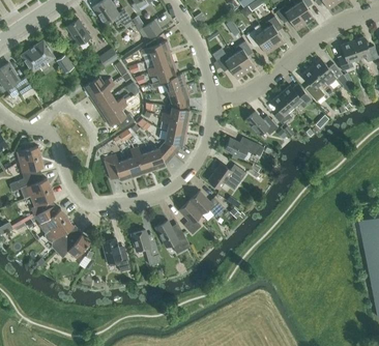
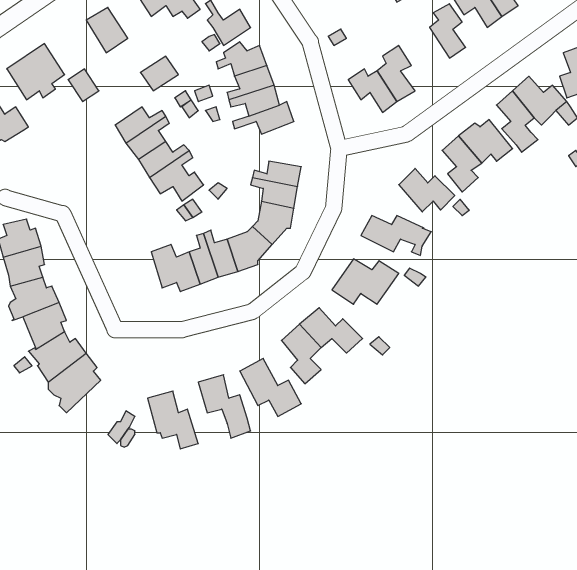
building: [245,24,274,54] -> none
building: [167,84,190,110] -> none
building: [55,232,90,258] -> none

